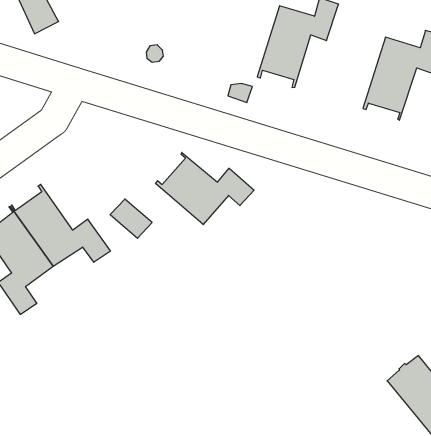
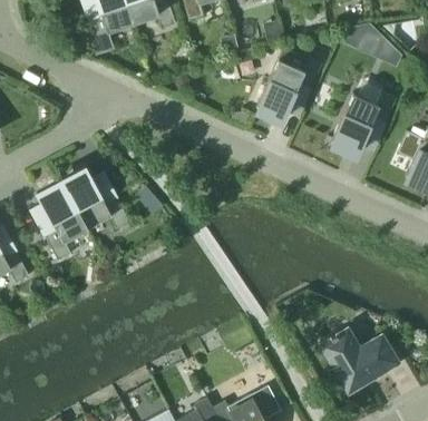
building: [156,152,254,225] -> none

